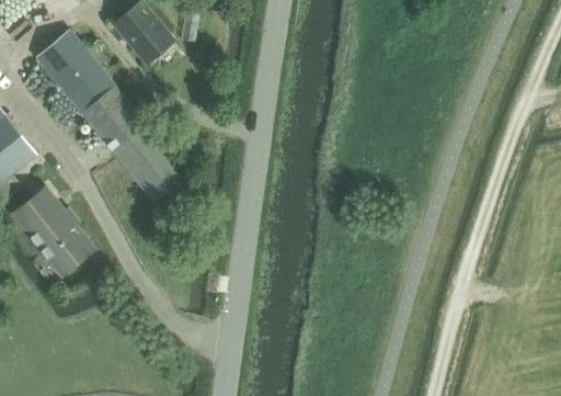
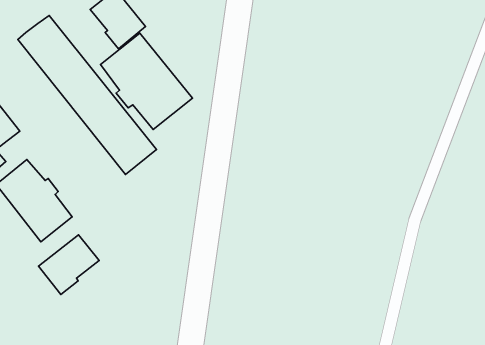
building: none -> [100,33,193,129]
building: none -> [39,235,99,294]

